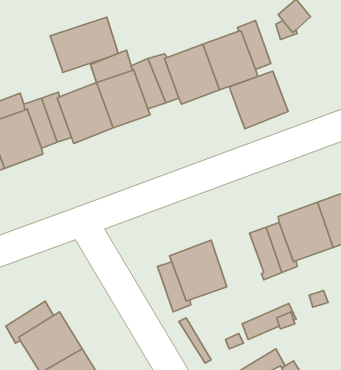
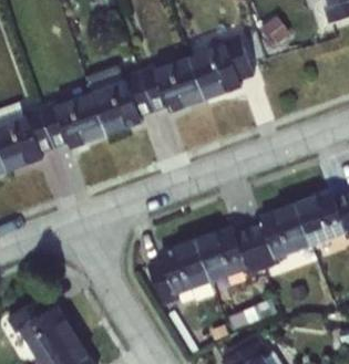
building: [50,17,118,73] -> none
building: [229,71,288,129] -> none
building: none -> [197,226,246,281]

